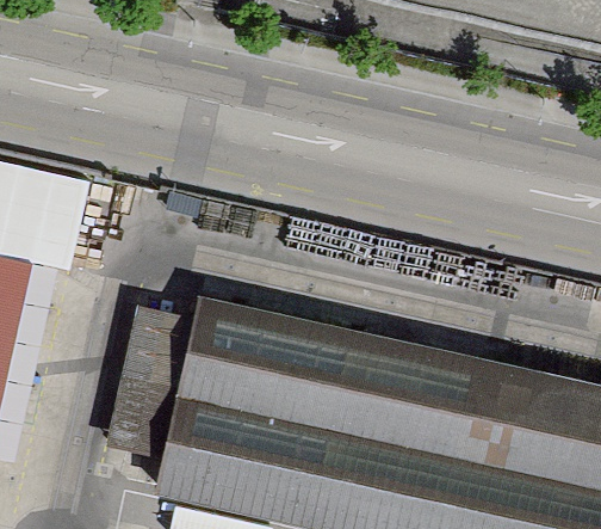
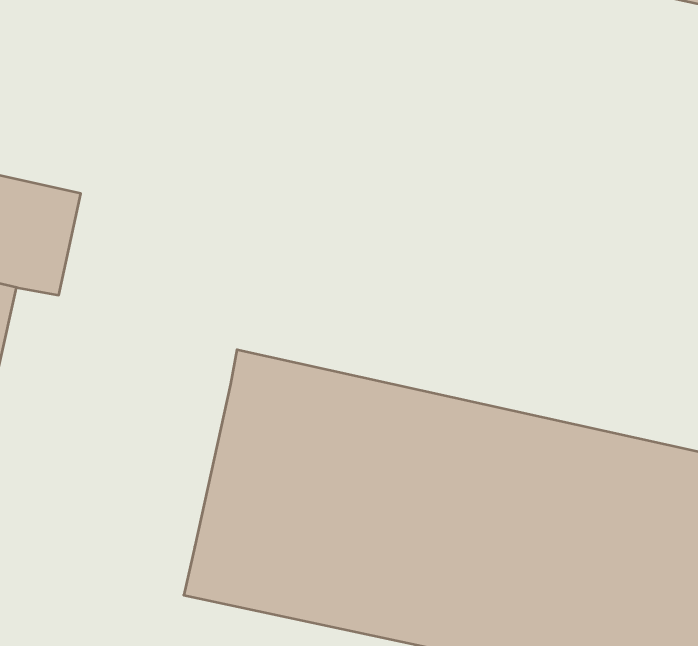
building: [112,312,196,448] -> none

